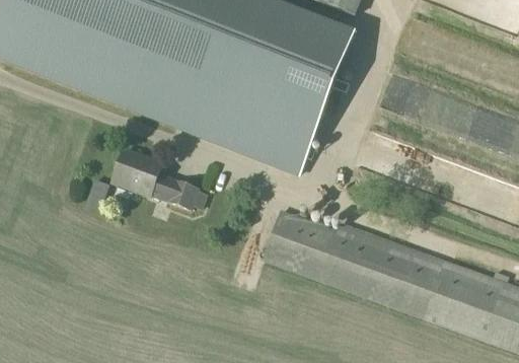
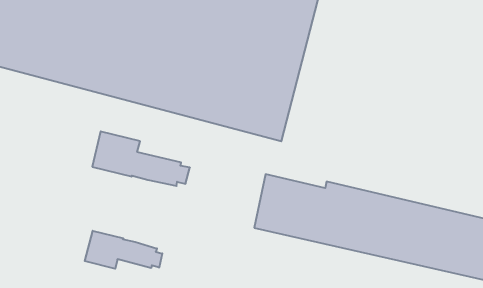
building: none -> [85,231,162,269]

